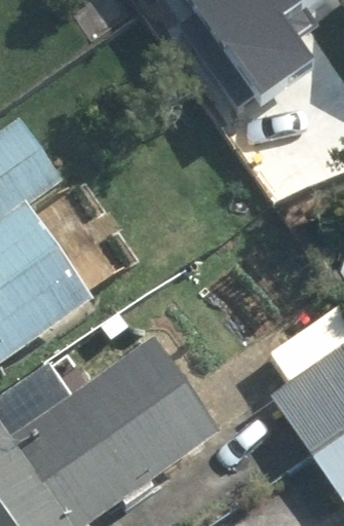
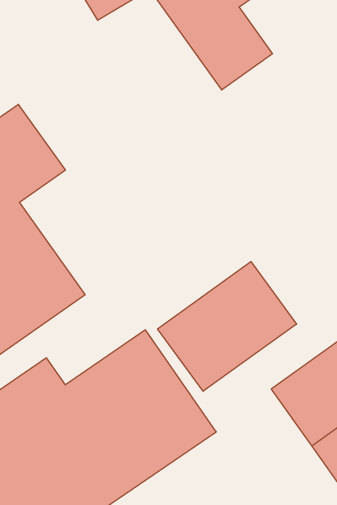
building: none -> [158,262,297,391]

